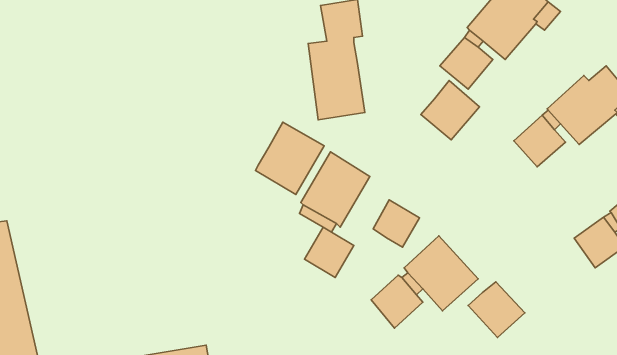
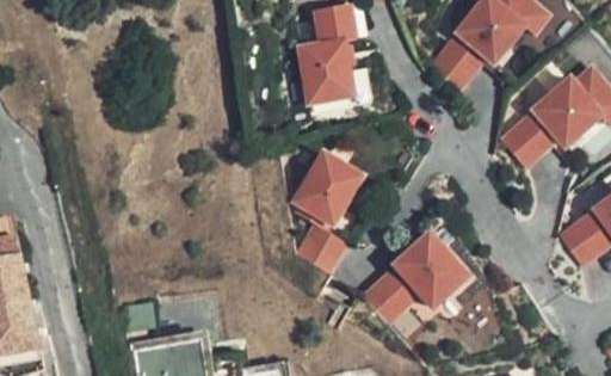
building: [421,80,479,140] -> none
building: [256,122,324,195] -> none
building: [373,200,420,247] -> none
building: [468,282,525,338] -> none

